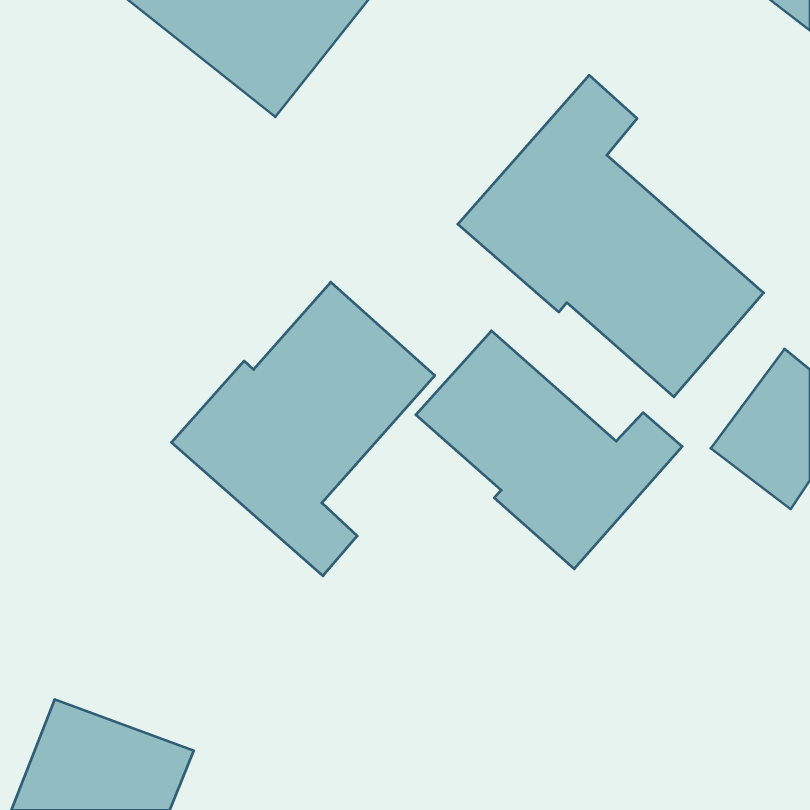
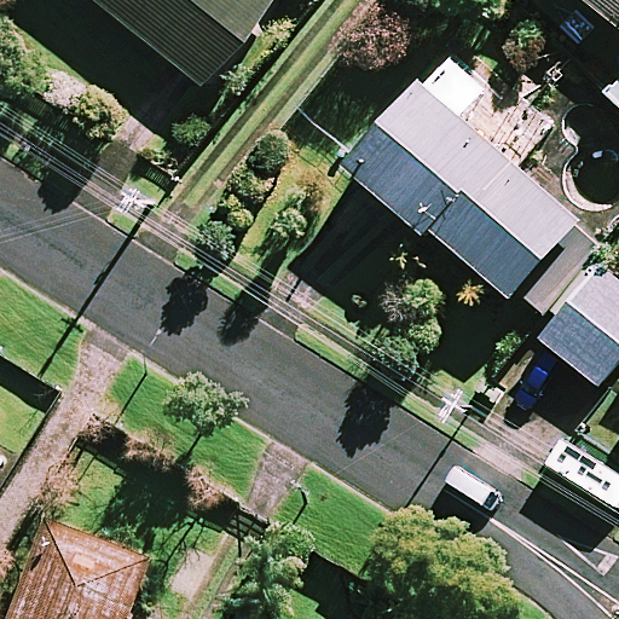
building: [171,282,435,576] -> none
building: [416,331,682,569] -> none

